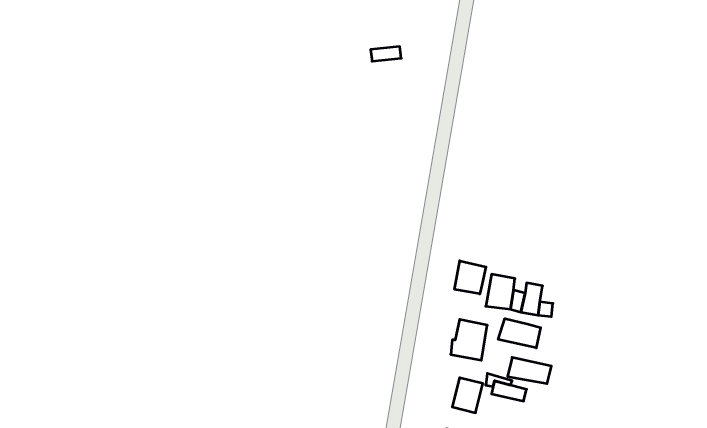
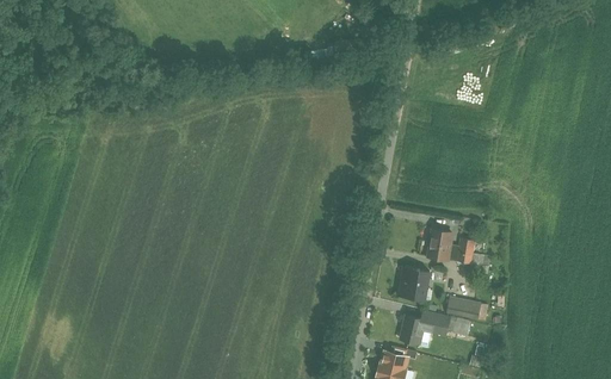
building: [455,261,486,294] -> none
building: [498,319,541,348] -> none

